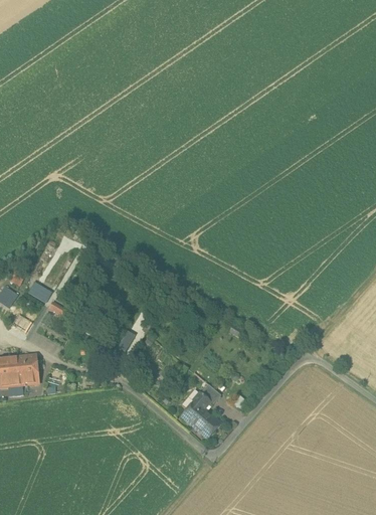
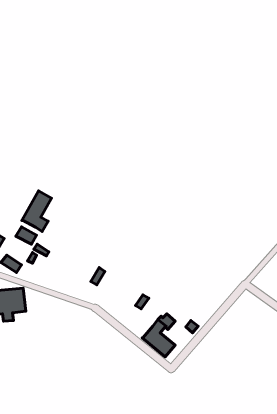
building: none -> [22,191,51,232]

